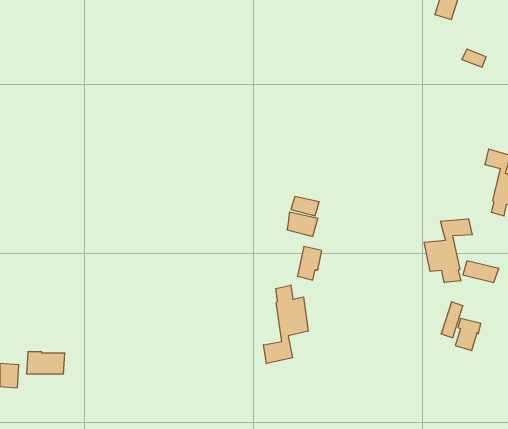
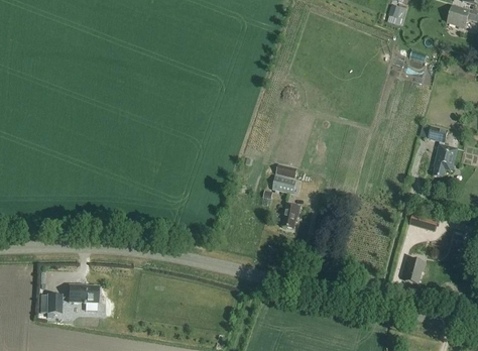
building: [424,219,472,283] -> none
building: [263,285,308,364] -> none

